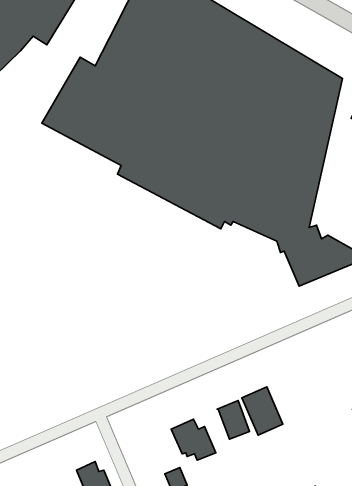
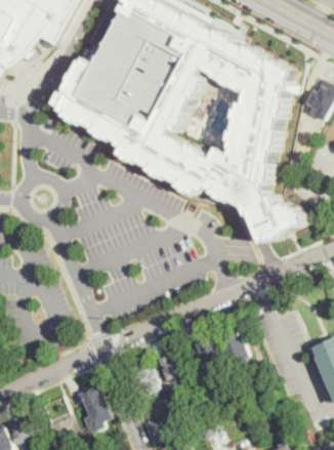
building: none -> [127,364,159,396]

